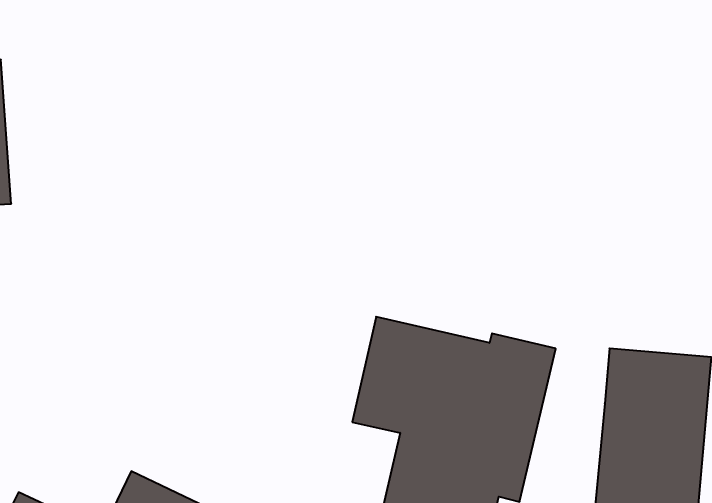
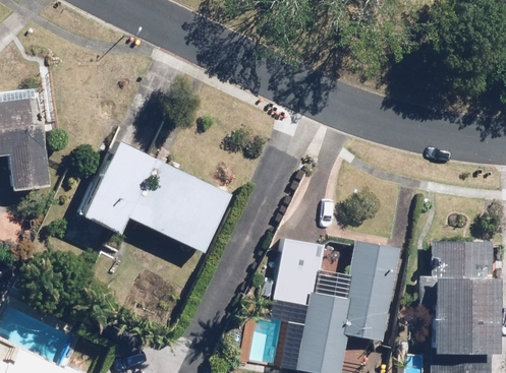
building: none -> [79,143,230,253]

